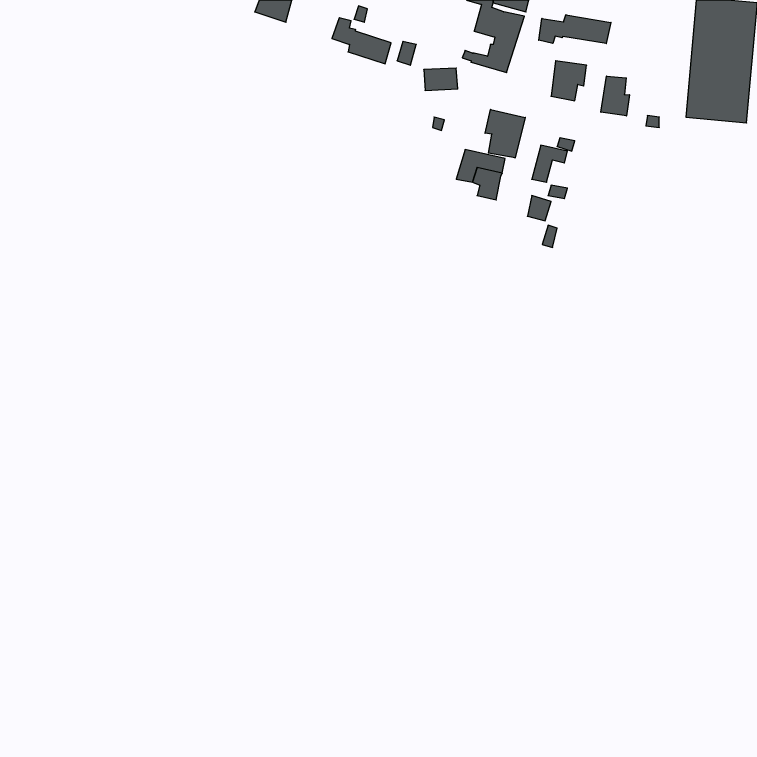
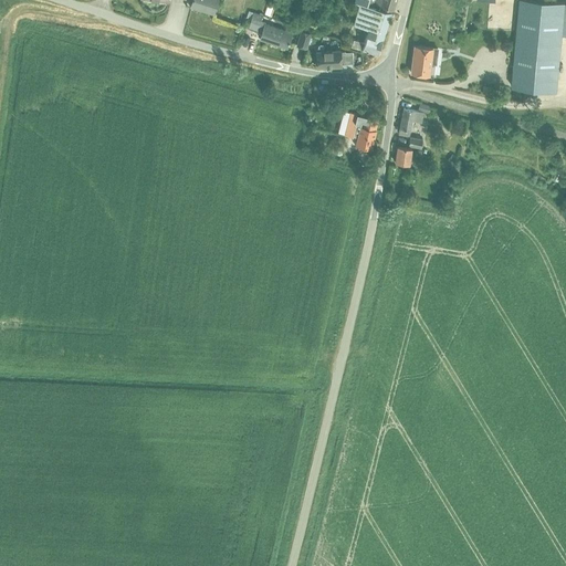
building: [539,15,611,44] -> none
building: [601,76,629,116] -> none
building: [485,109,525,158] -> none

